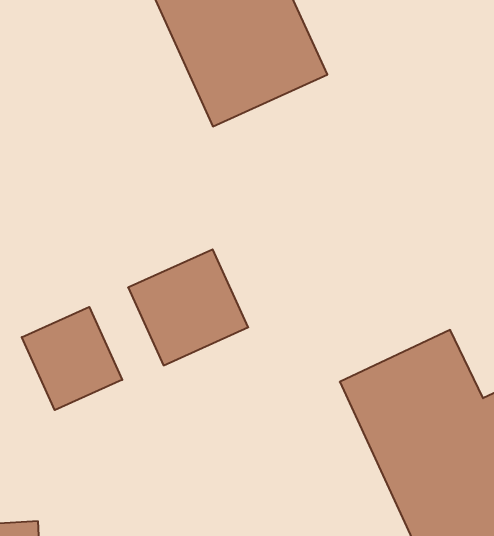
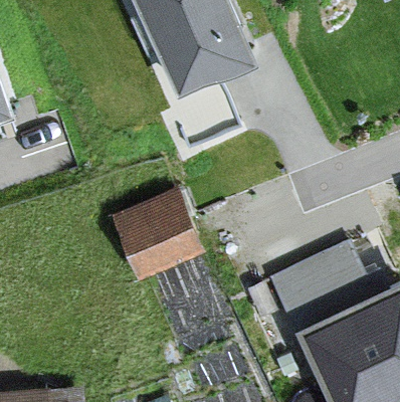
building: [22,307,122,410] -> none

